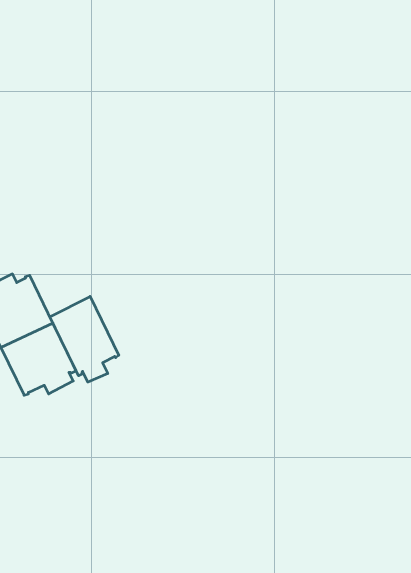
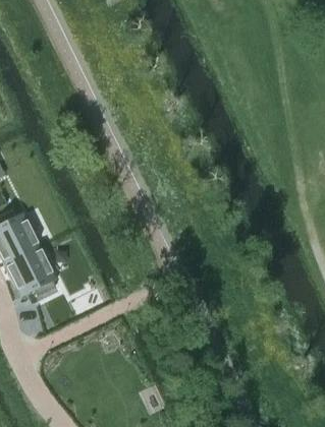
building: [50,296,119,382] -> none

